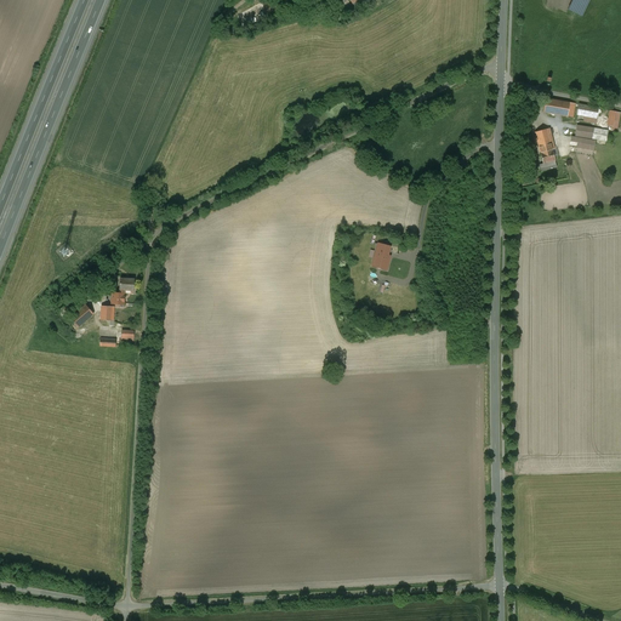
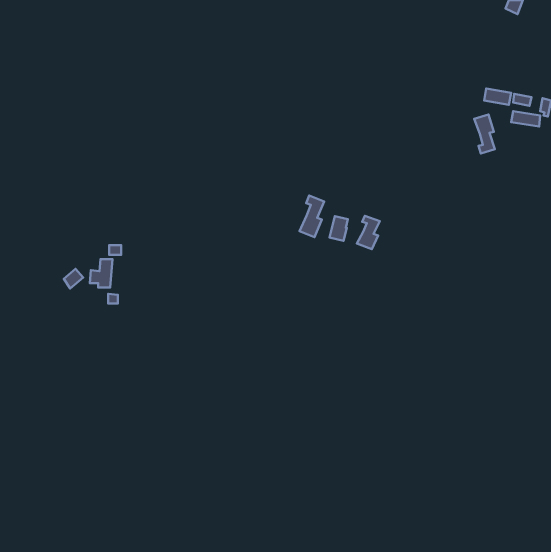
building: none -> [299,196,324,237]
building: none -> [357,216,380,249]

